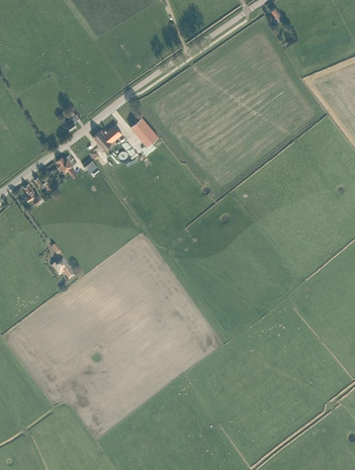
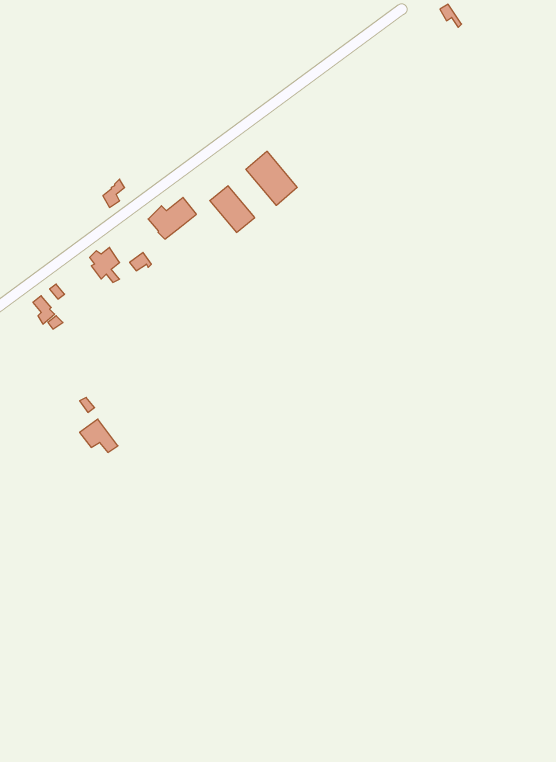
building: none -> [246,151,297,205]

